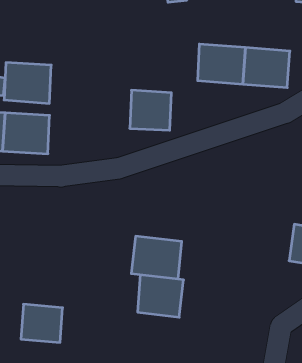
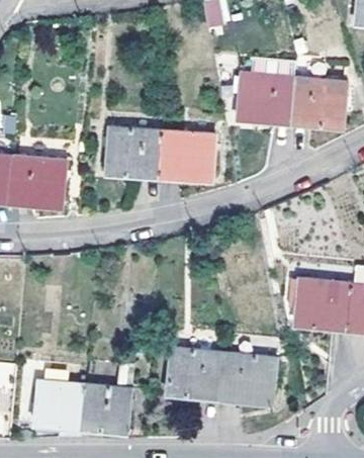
building: [4,63,51,103] -> [107,127,162,175]
building: none -> [294,278,351,329]
building: [131,236,182,279] -> [217,351,276,400]
building: none -> [79,383,128,428]

